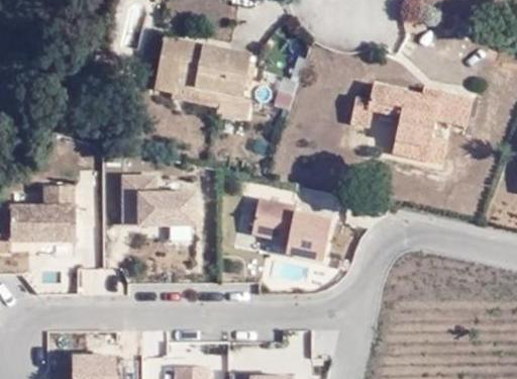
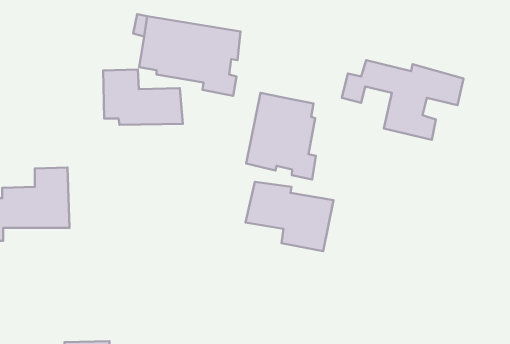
building: none -> [246,93,316,179]
building: [123,173,202,227] -> [103,70,183,125]

